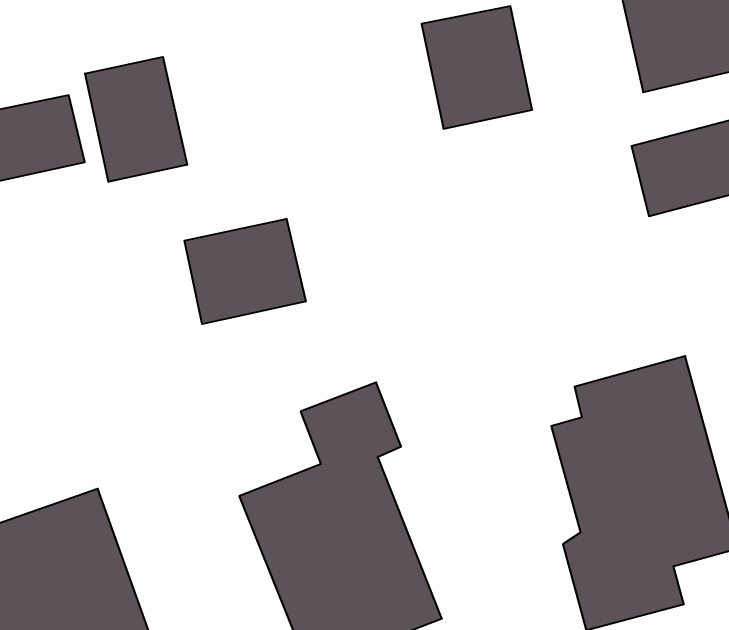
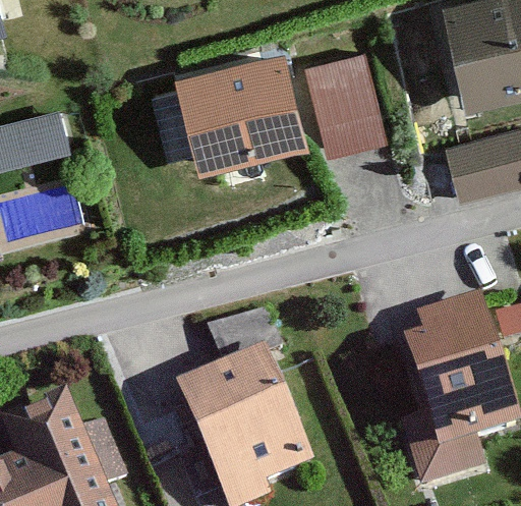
building: none -> [167,52,305,173]
building: [85,57,187,182] -> none
building: [184,219,306,324] -> none

